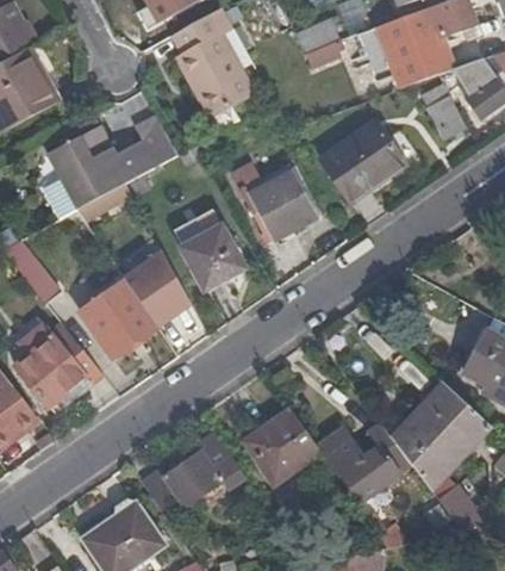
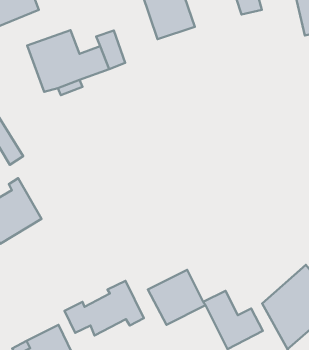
building: [320,122,404,201] -> none
building: [231,161,318,238] -> none
building: [175,209,249,288] -> none
building: [80,253,188,359] -> none

